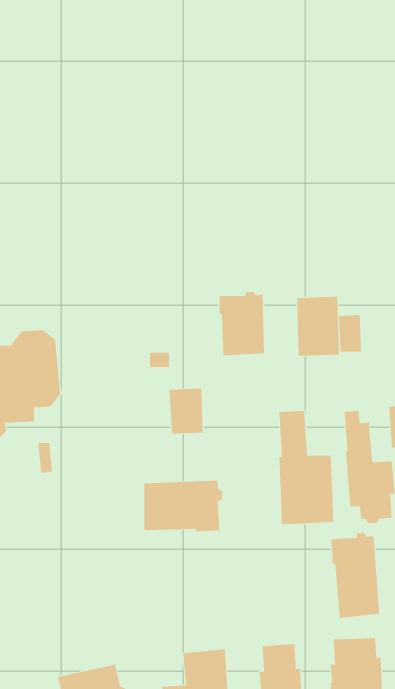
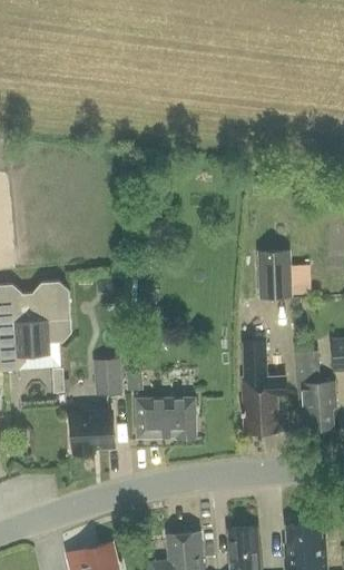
building: [219,291,264,356] -> none
building: [169,388,203,434] -> [92,360,120,396]
building: none -> [71,406,115,454]
building: [331,532,380,619] -> none

